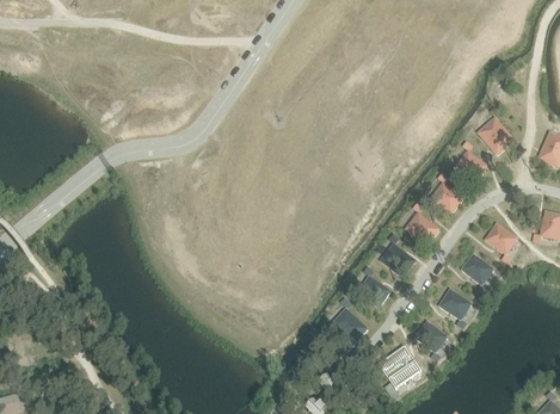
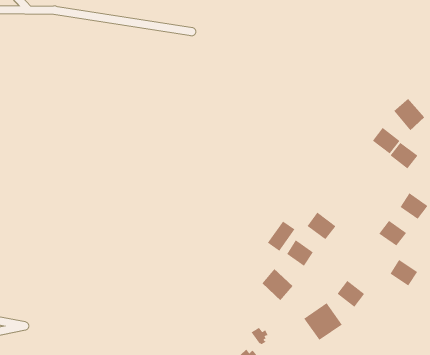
building: [430,180,462,211] -> [389,142,418,170]
building: [405,212,438,245] -> none
building: none -> [267,220,295,252]
building: [438,288,470,319] -> [389,259,418,287]

